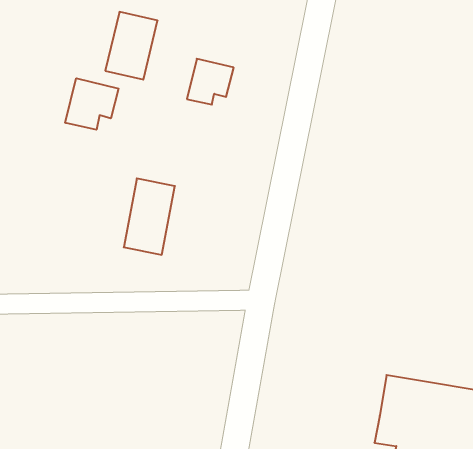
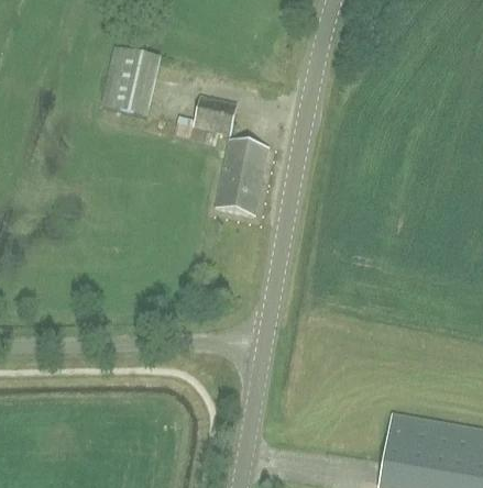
building: [65,78,119,130] -> none
building: [124,178,175,255] -> [216,135,267,212]

